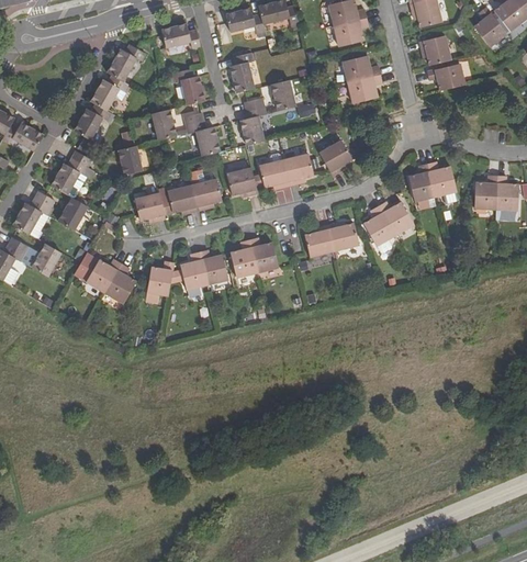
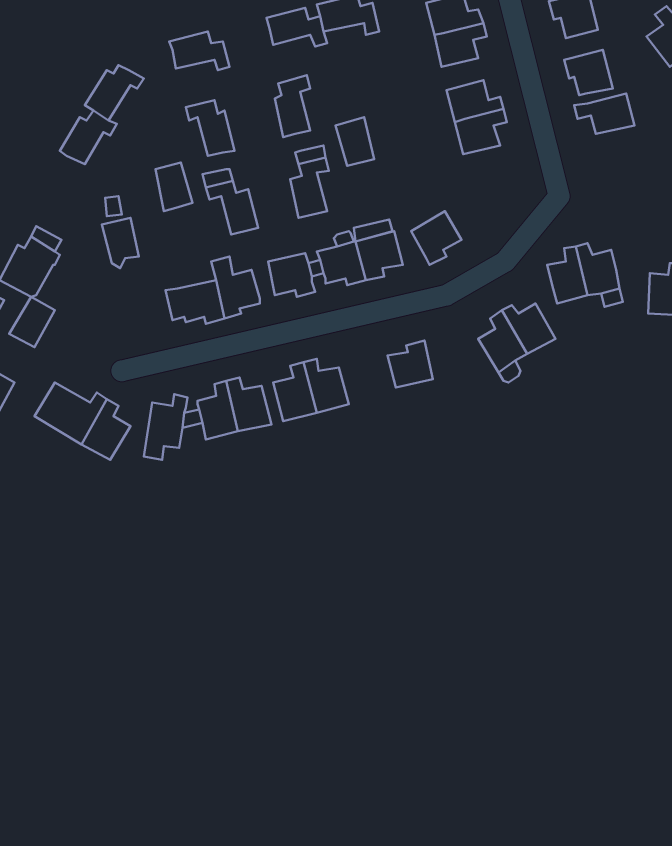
building: [74,104,111,139] -> none
building: [135,192,165,222] -> none
building: [328,223,358,250] -> none

